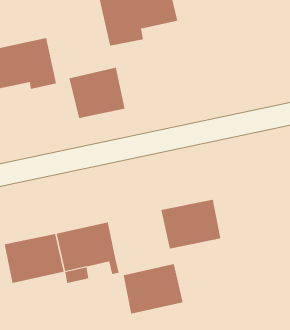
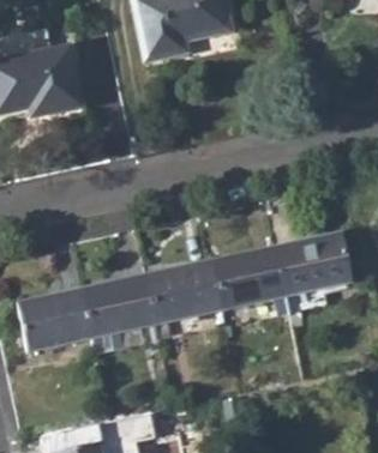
building: [69,67,125,119] -> none
building: none -> [275,232,349,294]
building: [123,263,183,314] -> [146,259,221,321]

